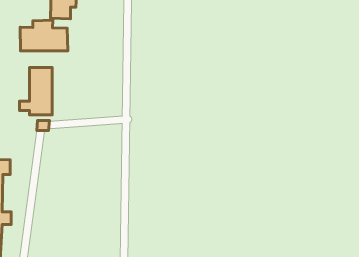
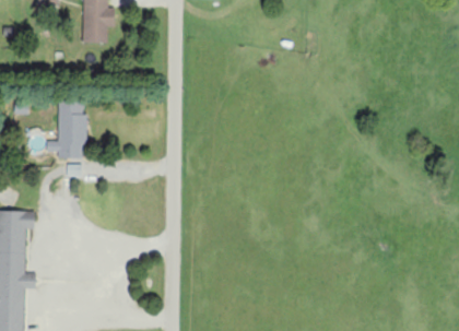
building: [20,20,68,51] -> none

